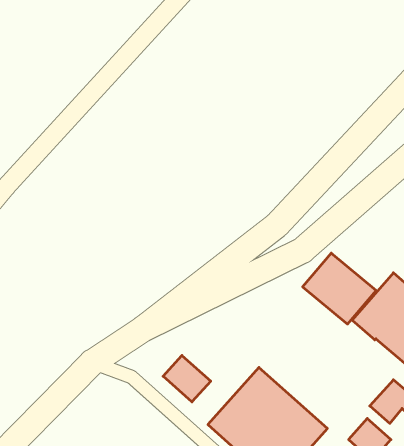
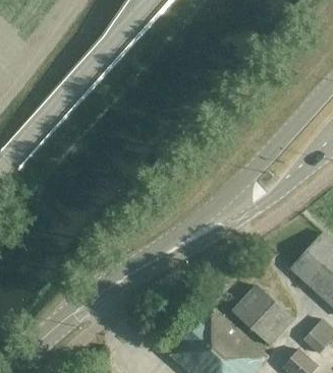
building: [303,253,376,324] -> [235,288,295,346]
building: [163,355,211,402] -> none

